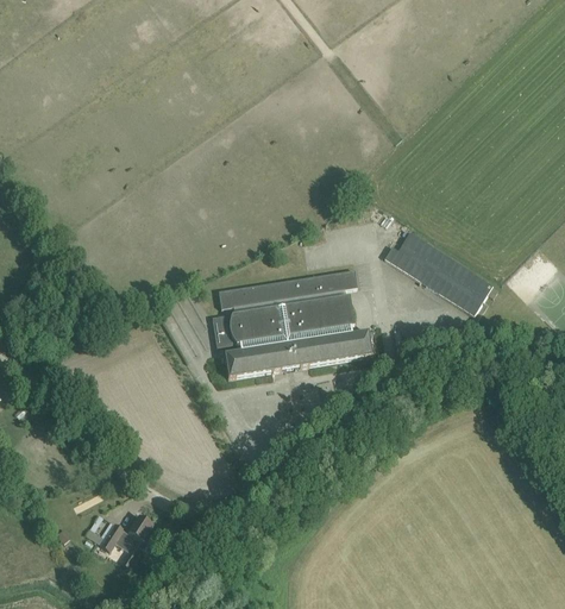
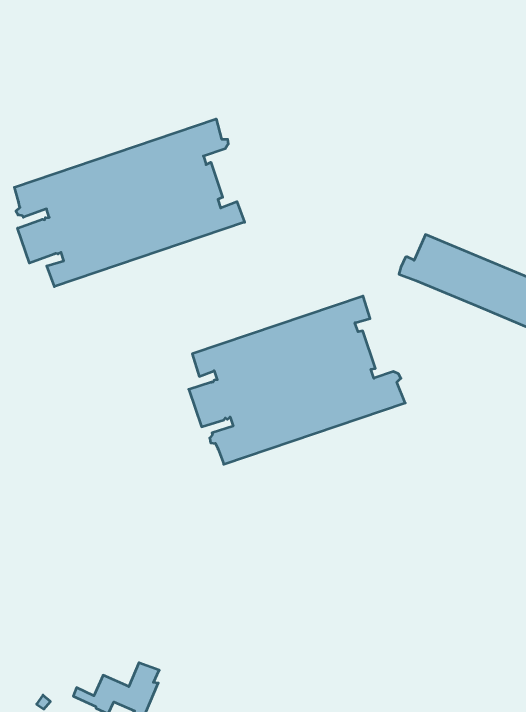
building: none -> [14,119,245,287]

